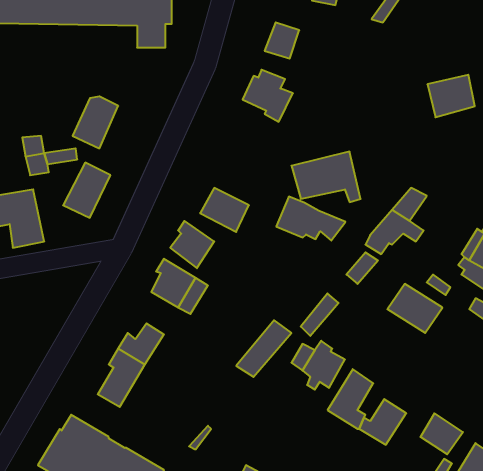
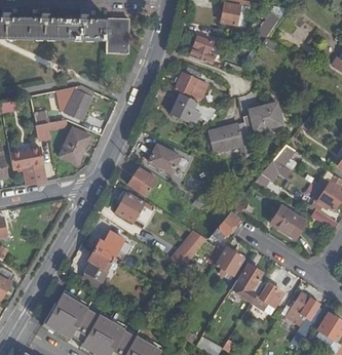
building: [427,75,475,117] -> [251,103,281,130]
building: [276,197,345,241] -> [172,92,217,121]

